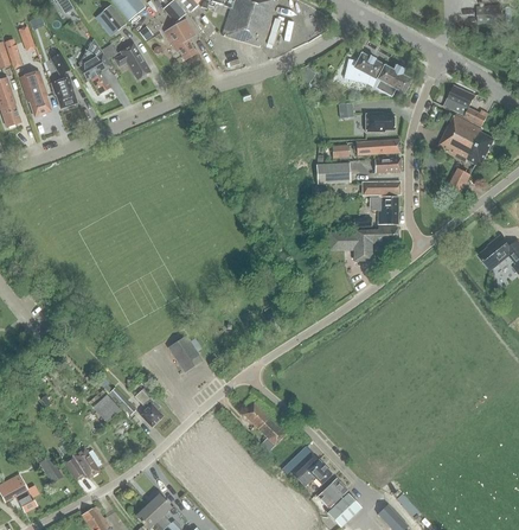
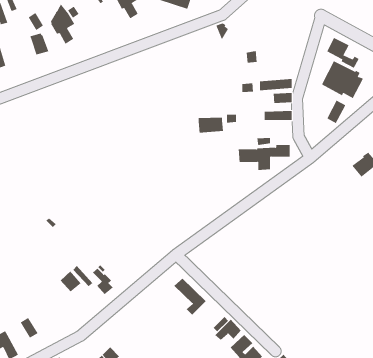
building: [113,41,149,78] -> none
building: [342,52,410,96] -> none
building: [19,69,51,116] -> none
building: [365,111,393,130] -> none
building: [315,161,350,183] -> [198,117,224,133]
building: [370,194,397,223] -> none
building: [172,336,201,371] -> none
building: [63,446,101,479] -> none

